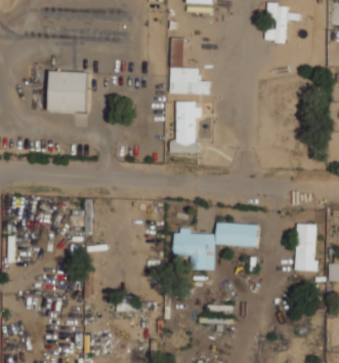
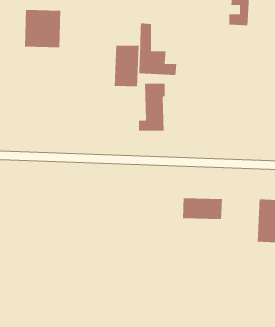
building: none -> [114,45,139,87]
building: [48,71,87,112] -> [24,9,61,48]
building: [173,230,214,270] -> none

